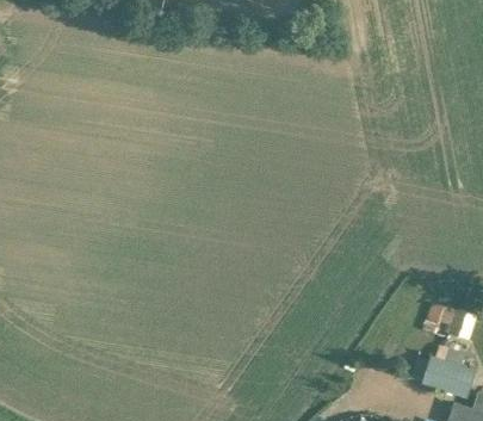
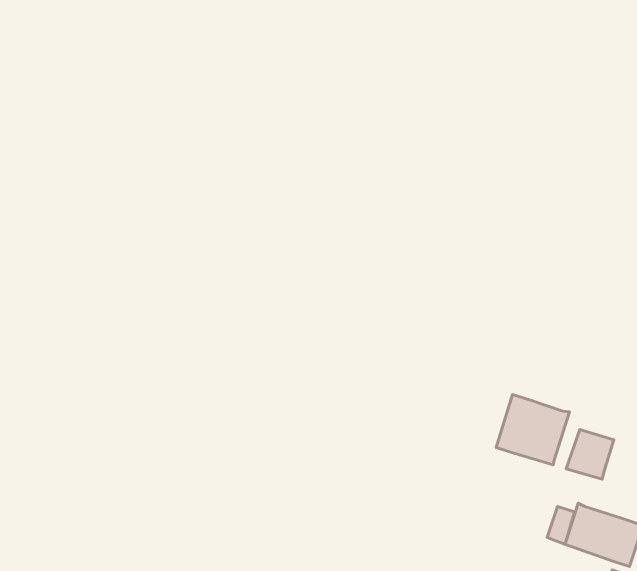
building: none -> [496,395,570,465]

